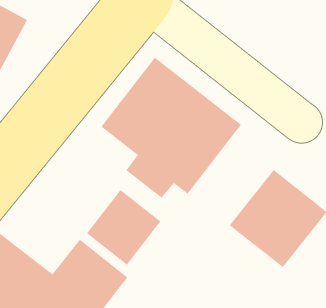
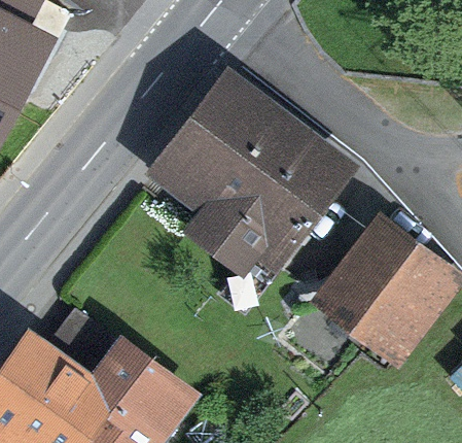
building: [86,189,161,265] -> none

